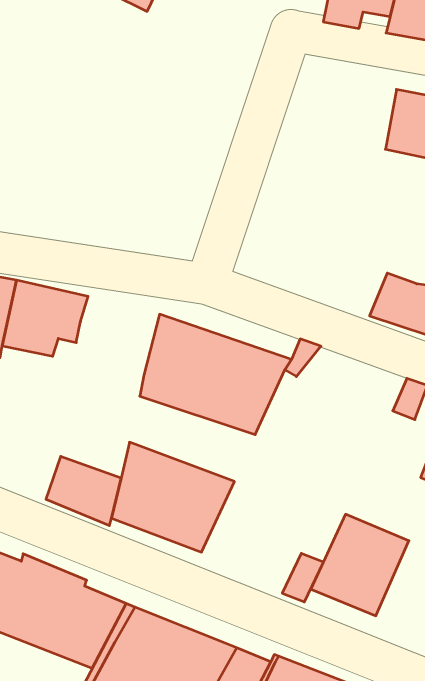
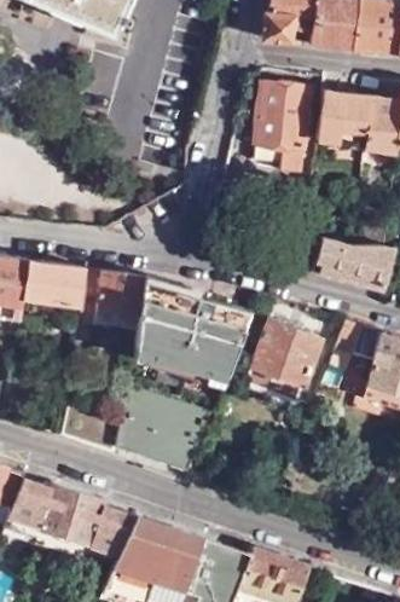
building: none -> [257,82,312,172]
building: none -> [77,270,145,330]
building: [311,514,409,616] -> [247,317,323,396]

